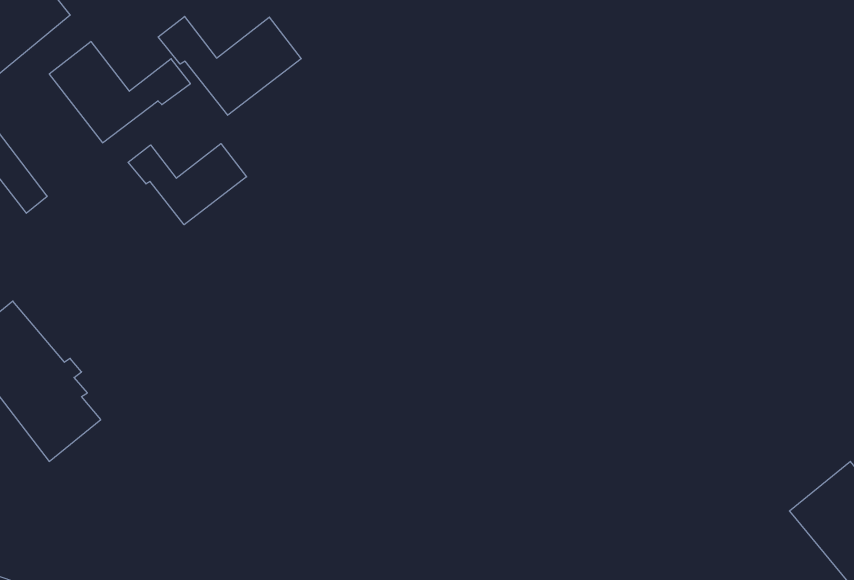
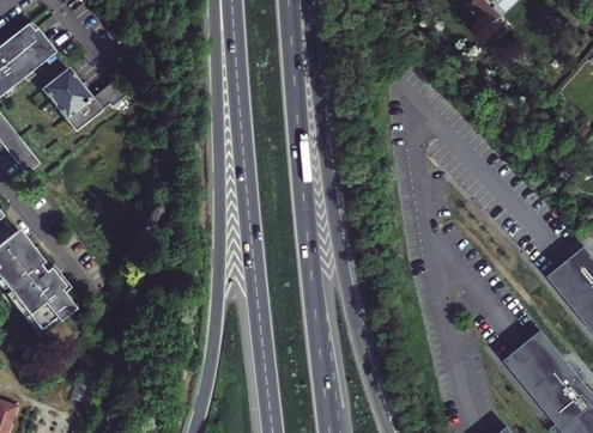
building: [158,16,301,115] -> none
building: [128,144,247,225] -> none

